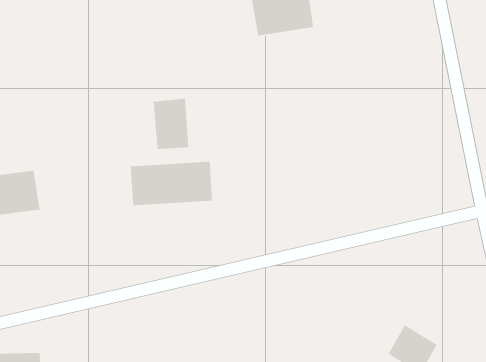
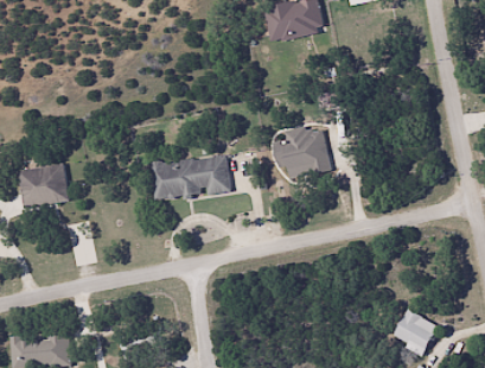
building: [153,98,189,150] -> none
building: none -> [272,125,331,178]

